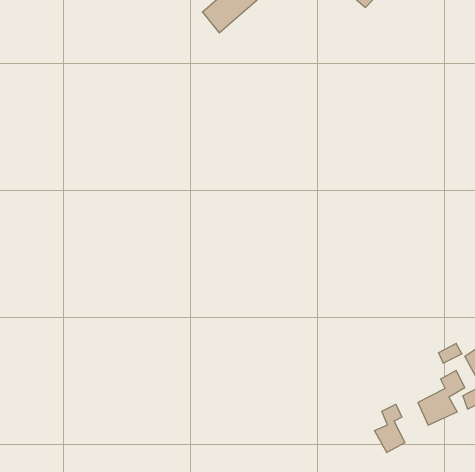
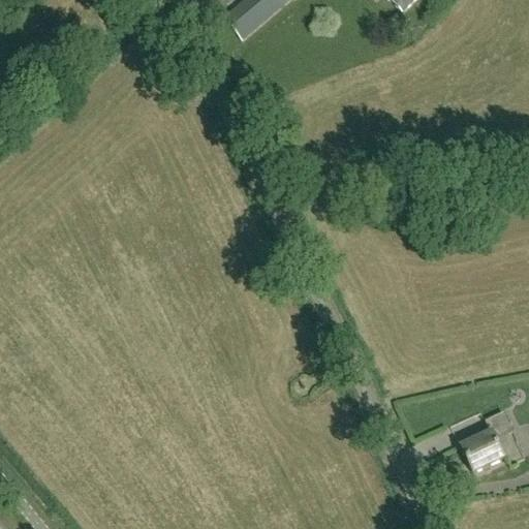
building: [375,404,405,453] -> none

